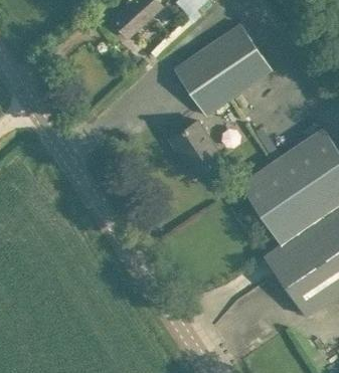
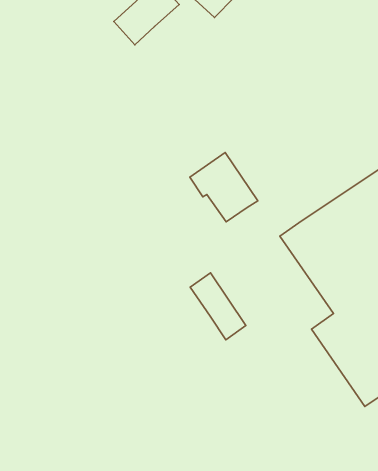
building: [173,23,273,116] -> none
building: none -> [190,273,246,340]

